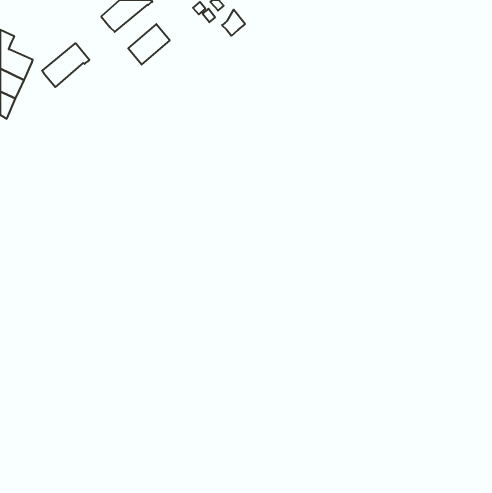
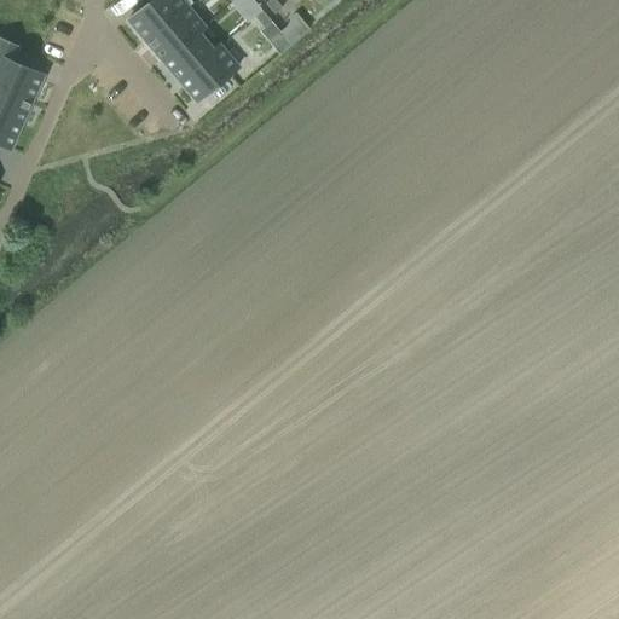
building: none -> [179,46,237,102]
building: [42,44,89,87] -> [145,6,204,60]

